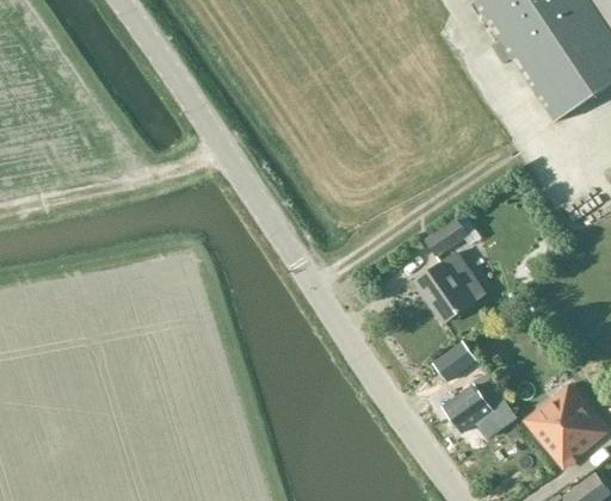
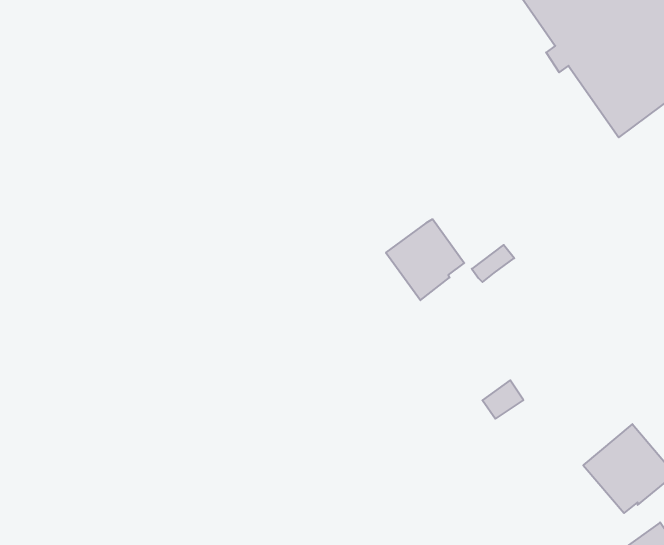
building: [413,249,483,322] -> [386,219,464,300]
building: [444,377,518,432] -> none

